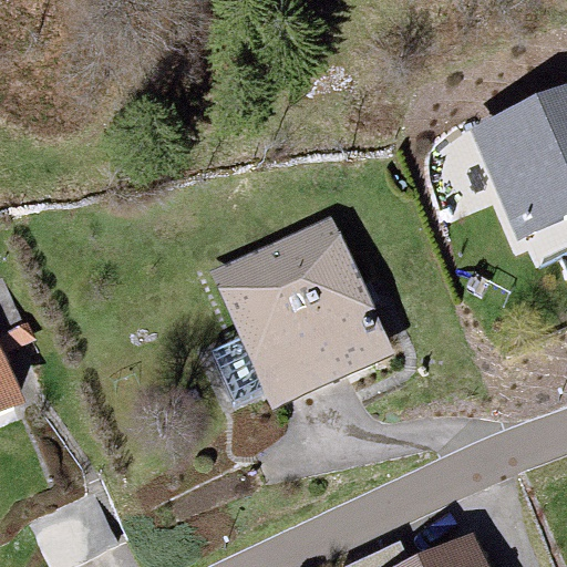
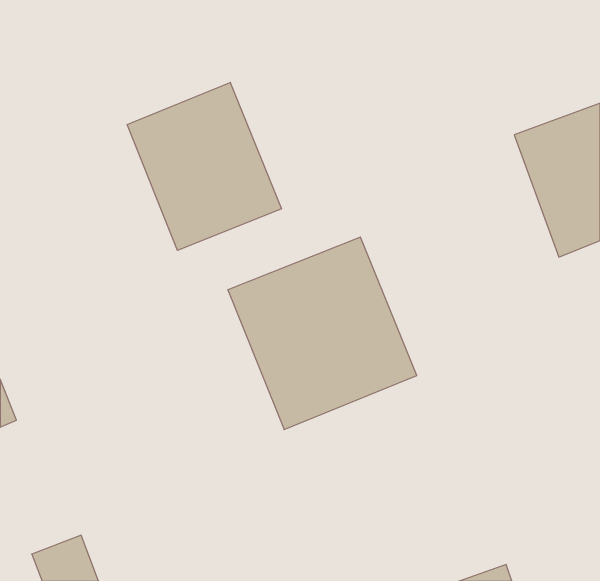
building: none -> [127,82,281,250]

